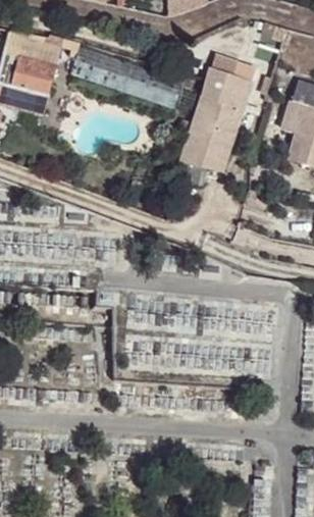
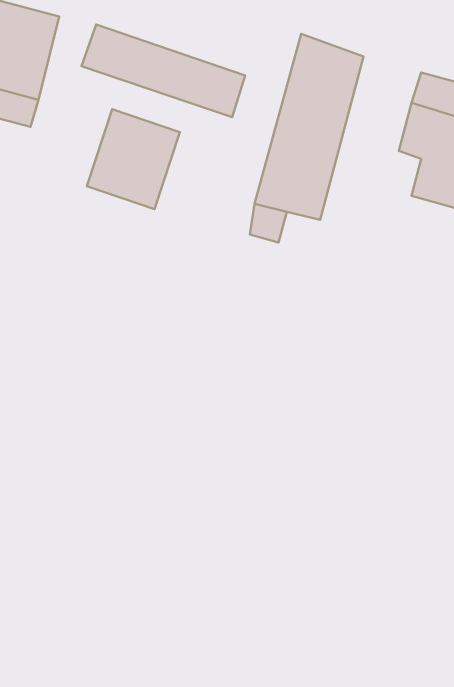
building: none -> [87,109,180,209]

